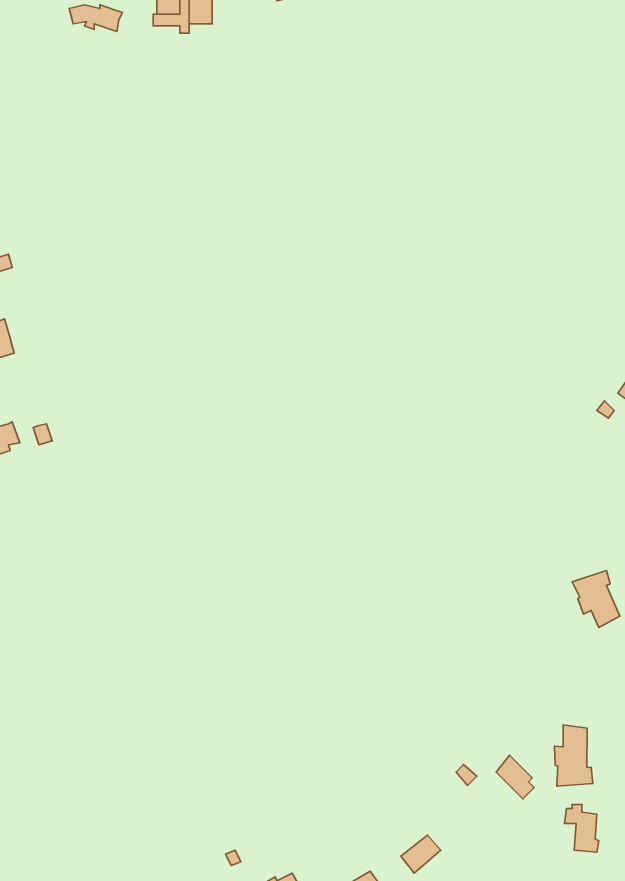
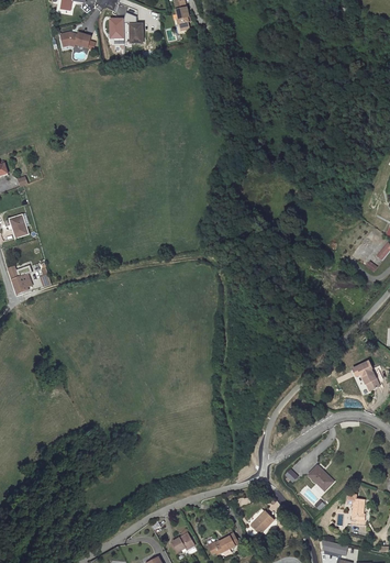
building: [555,725,593,786] -> none

